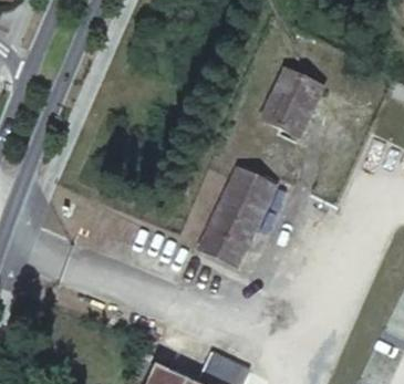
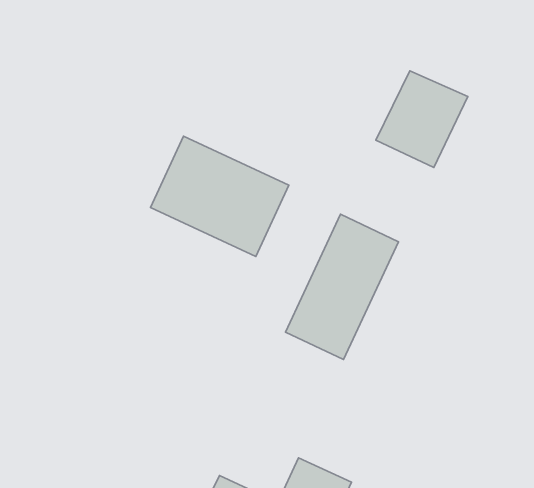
building: none -> [151,136,289,257]

